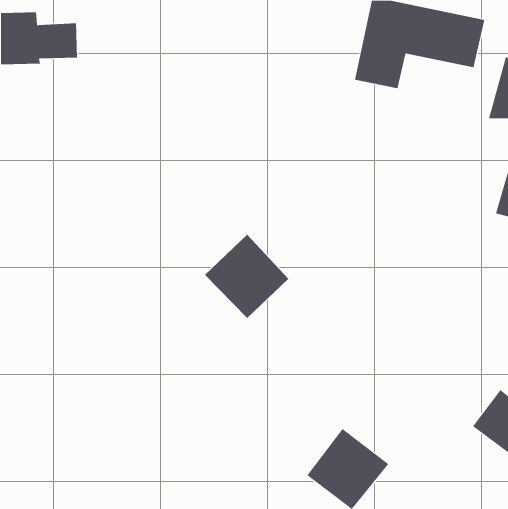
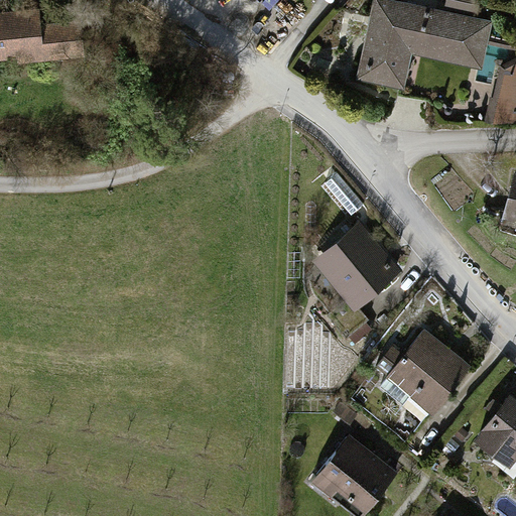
building: [204,234,289,319] -> [313,222,399,307]
building: none -> [385,329,468,411]

